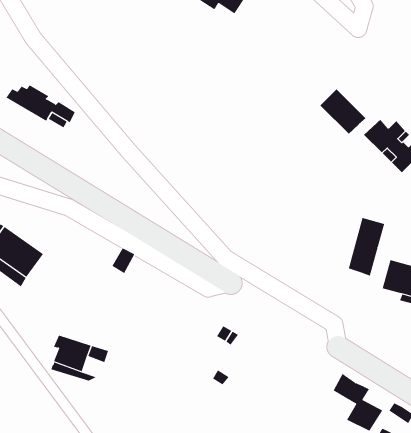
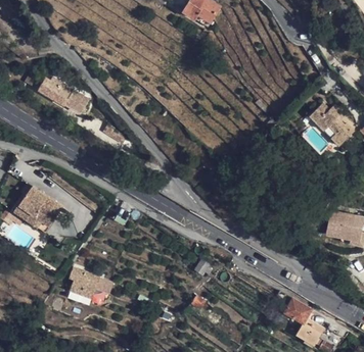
building: [319,88,367,134] -> none
building: [348,217,385,276] -> none

